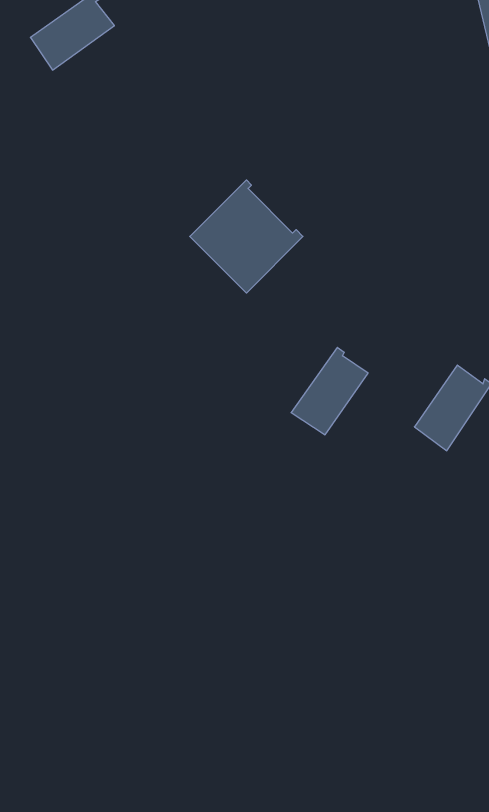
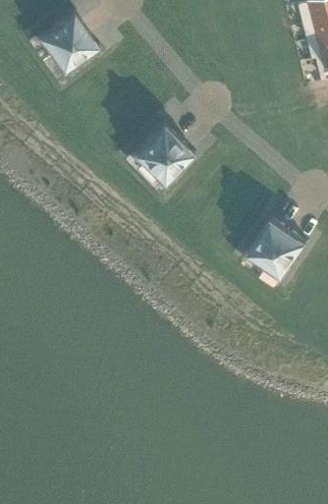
building: none -> [47,24,100,70]
building: [291,347,368,435] -> [241,211,287,263]

